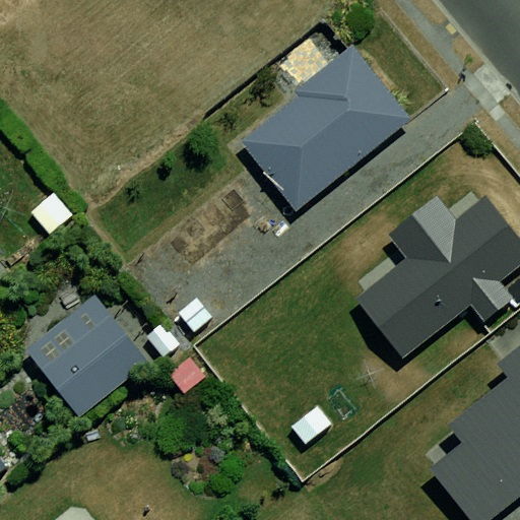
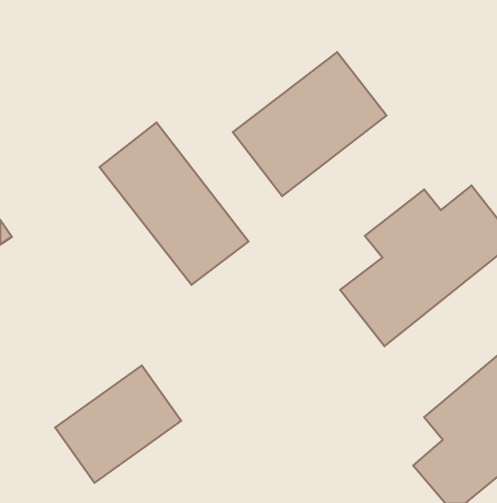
building: none -> [99,123,249,285]
building: [19,300,149,420] -> [55,365,181,483]

